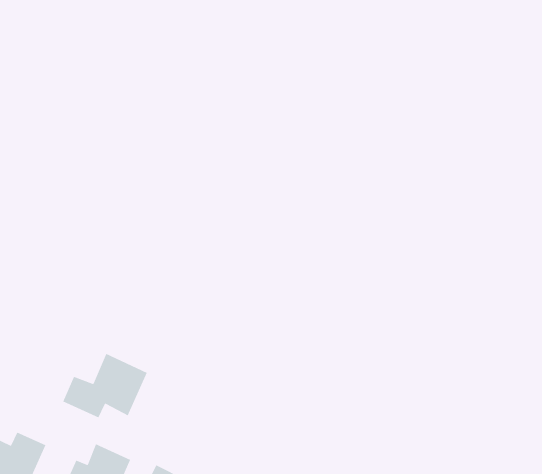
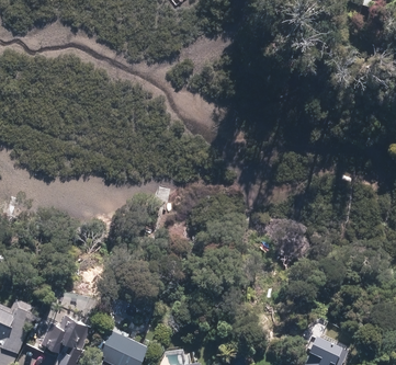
building: [62,353,148,418] -> none

